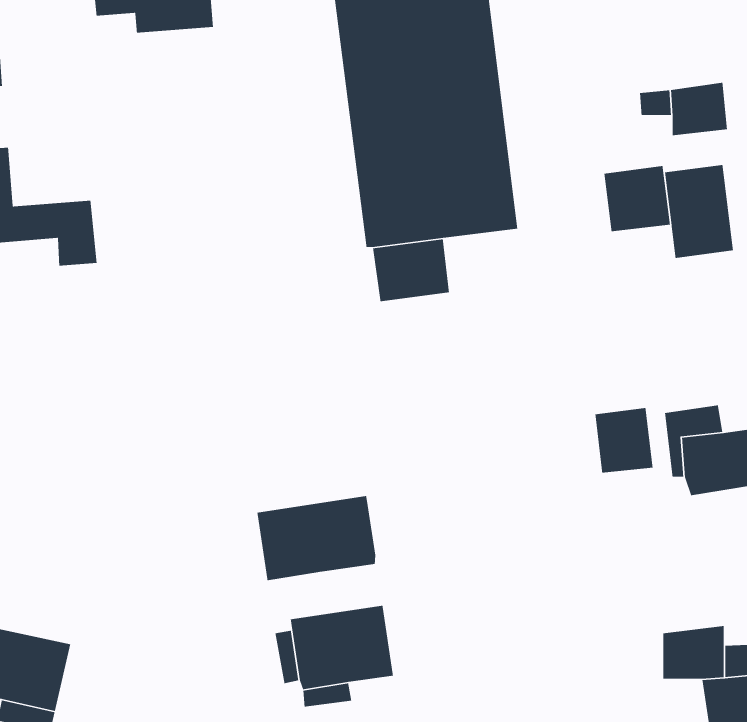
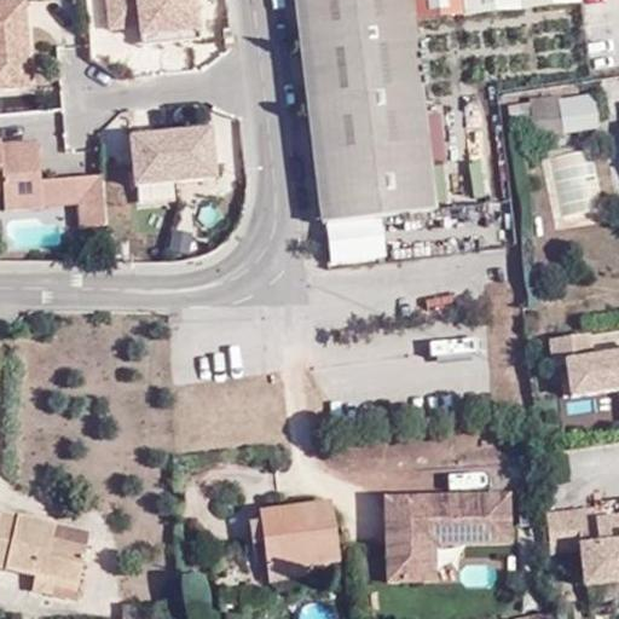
building: none -> [129,129,219,196]
building: [604,165,671,232] -> none
building: [595,407,653,474] -> none
building: [256,495,376,581] -> none
building: none -> [381,486,513,575]

